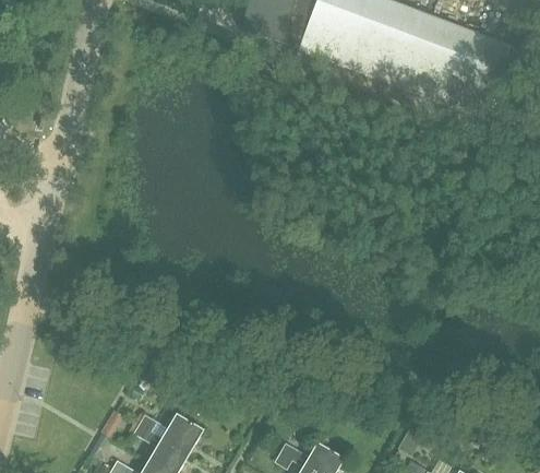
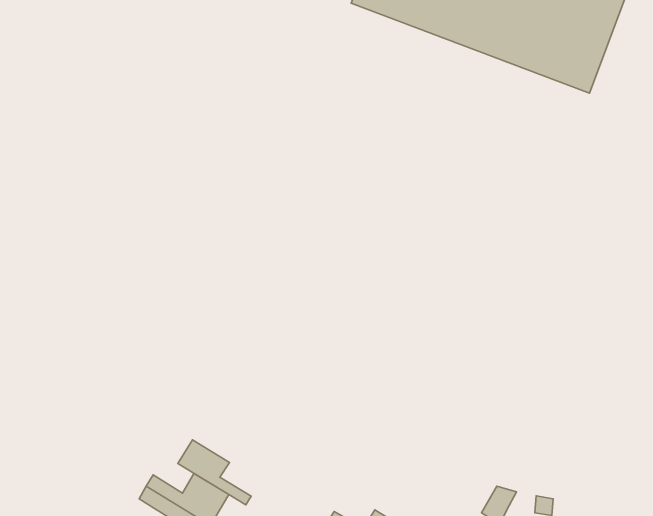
building: none -> [178,440,251,505]

